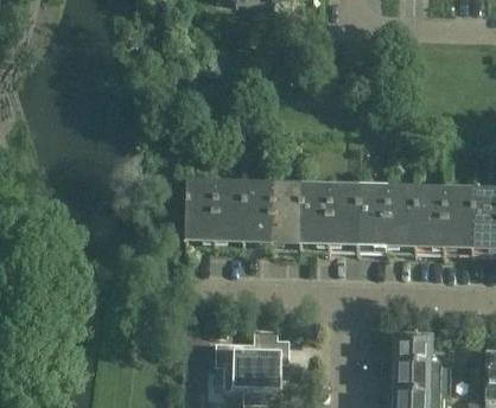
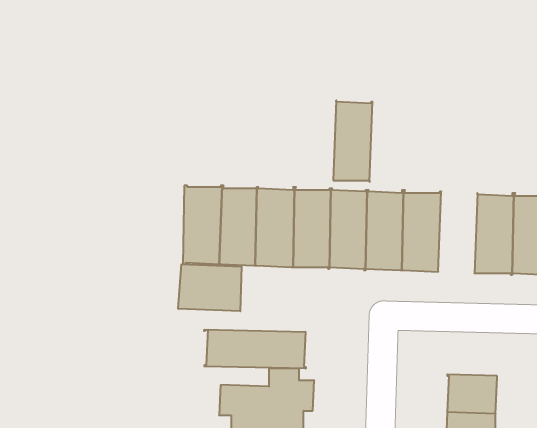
building: [387,186,418,250] -> [333,100,373,182]
building: none -> [178,264,241,311]
building: none -> [204,330,306,369]

